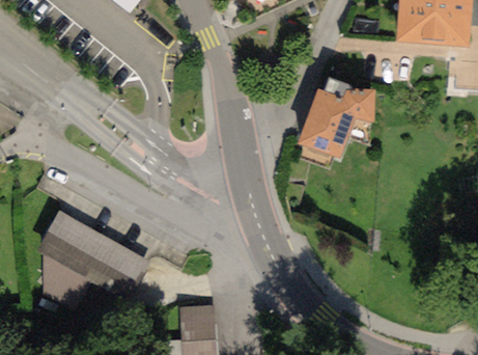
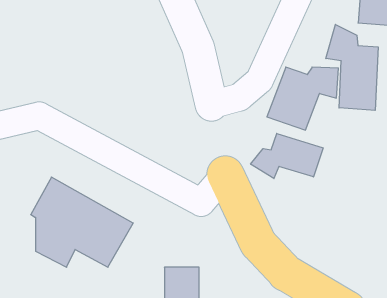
building: none -> [326,24,378,110]
building: none -> [251,133,323,179]

